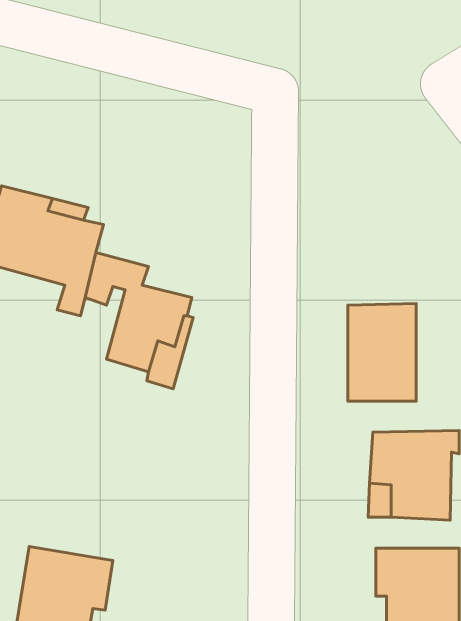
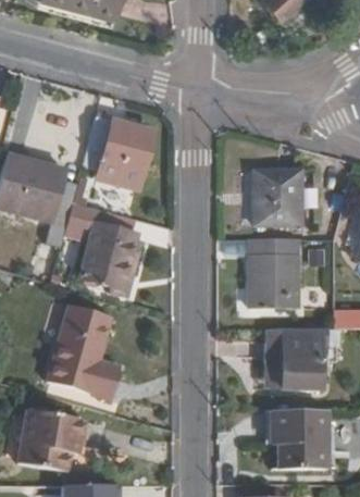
building: none -> [83,114,156,191]
building: none -> [253,170,301,226]
building: none -> [47,305,121,400]

